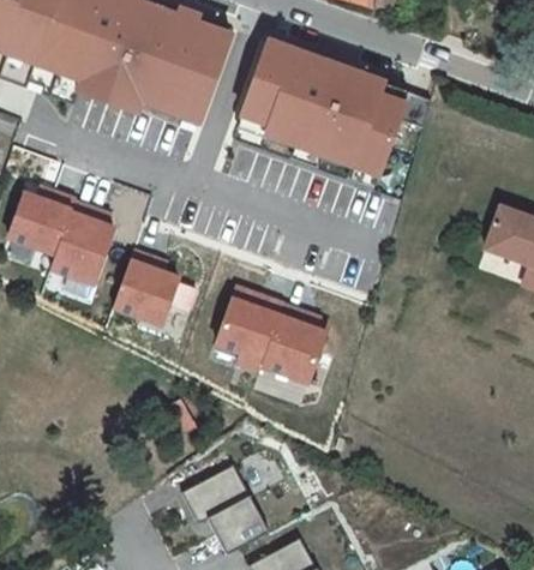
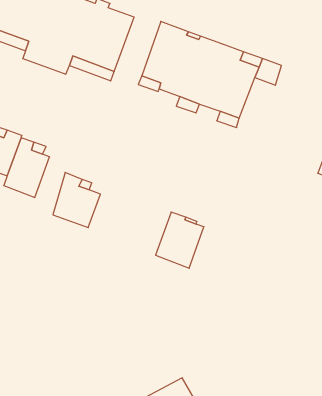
building: [215,287,282,370] -> none
building: [179,462,266,552] -> none

